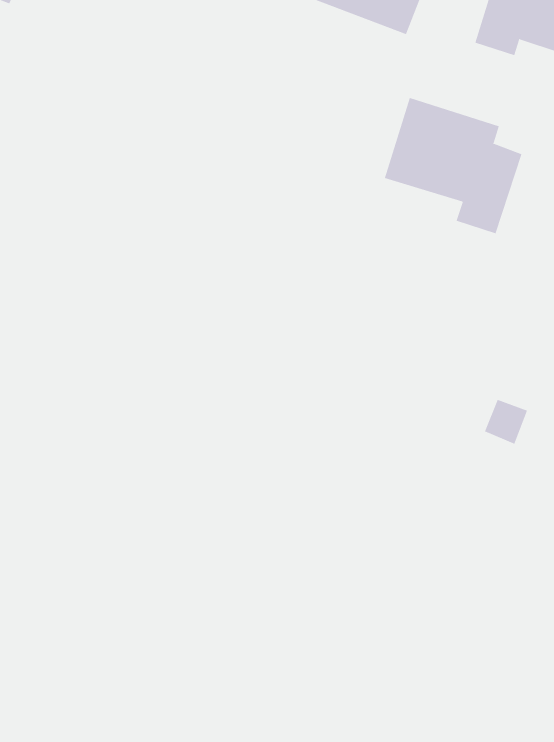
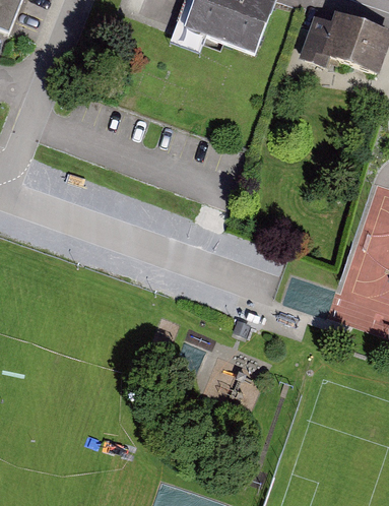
building: [384,97,522,234] -> none

